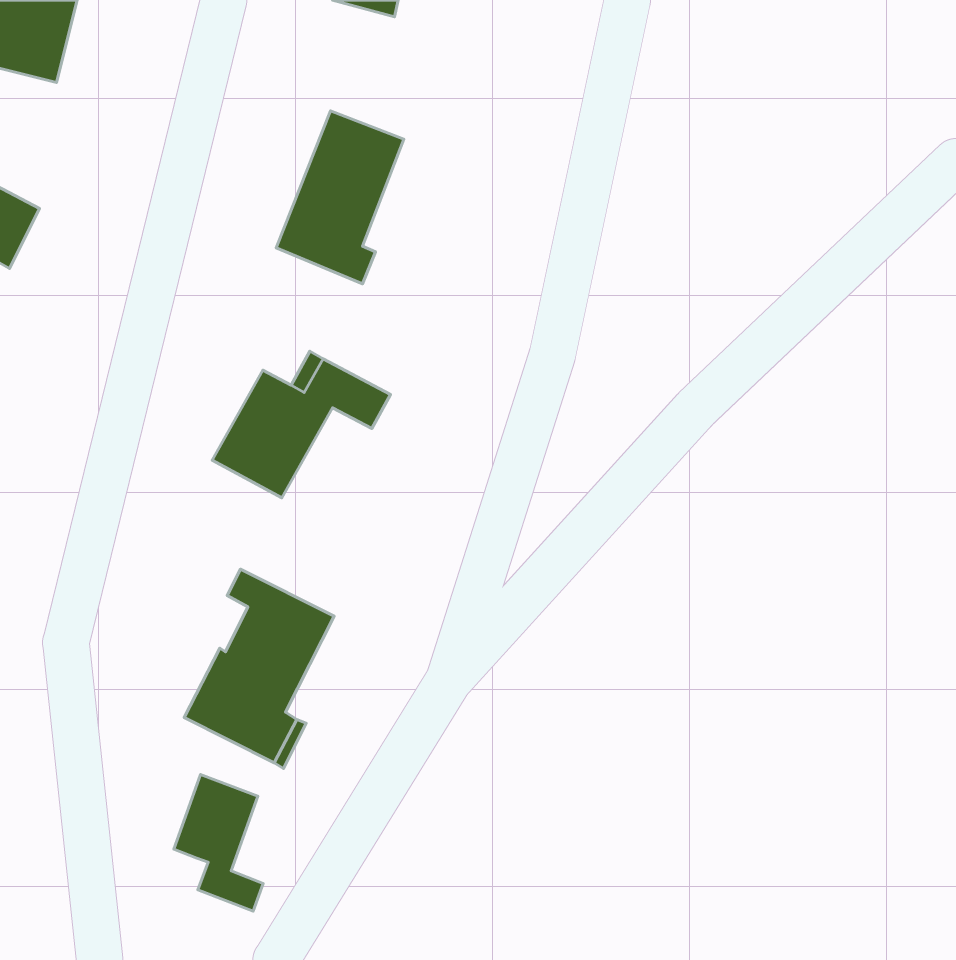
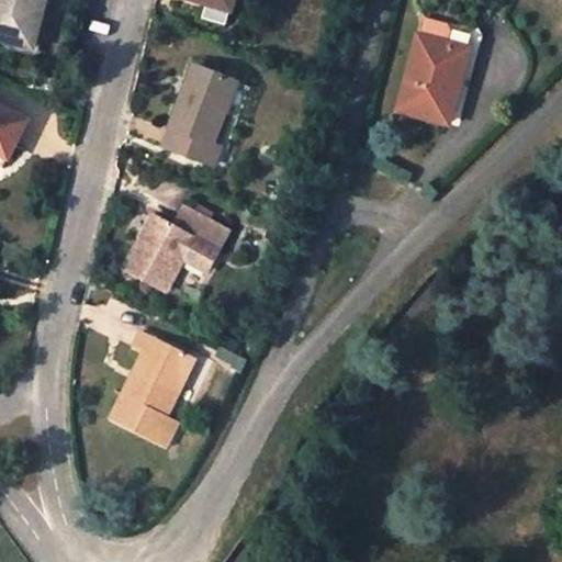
building: none -> [400,18,474,122]
building: [174,775,263,911] -> none

